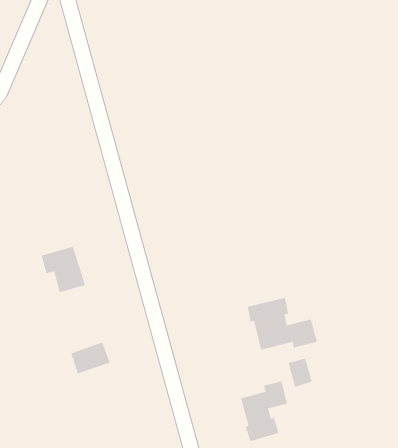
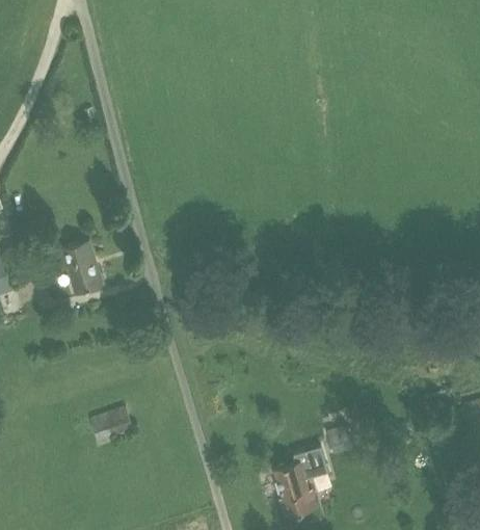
building: [41,246,86,293] -> [54,240,103,291]
building: [247,297,318,350] -> none

